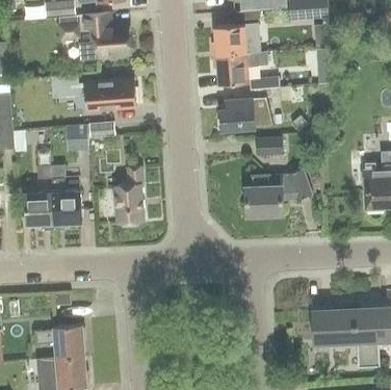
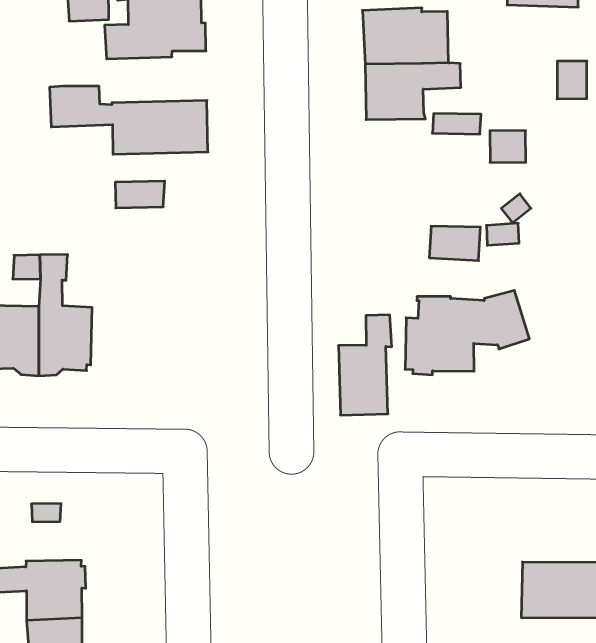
building: [220,98,272,130] -> none
building: [66,125,88,152] -> none
building: [114,168,142,223] -> [338,315,392,415]

